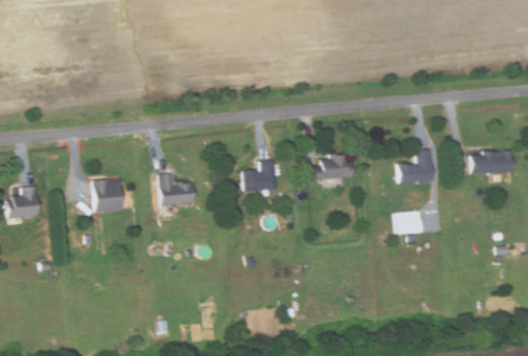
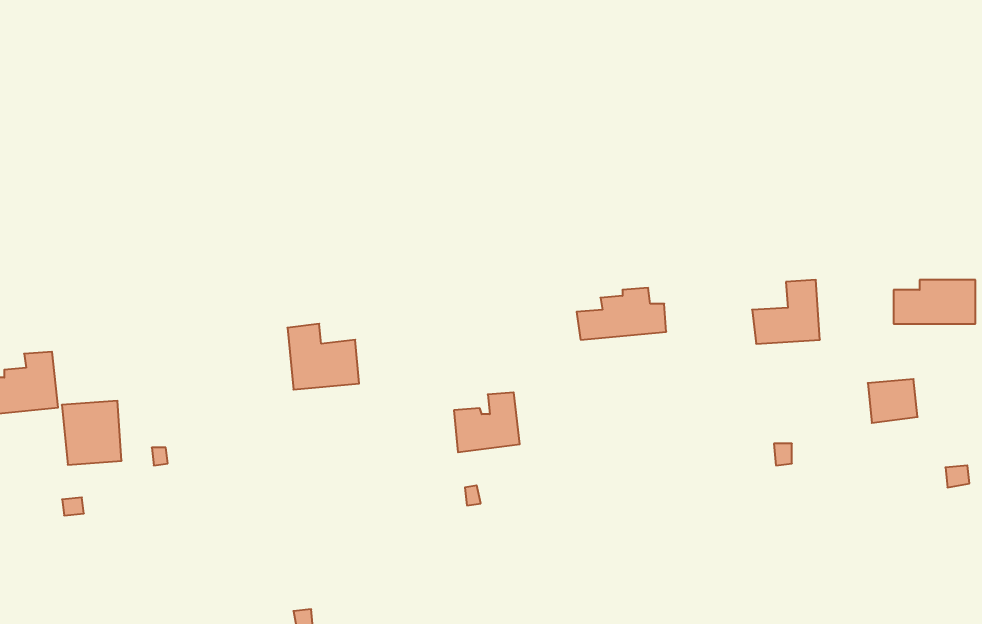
building: [243,161,277,192] -> [454,392,520,452]
building: [93,179,124,212] -> [62,401,122,465]
building: [398,211,424,233] -> [868,379,918,423]

